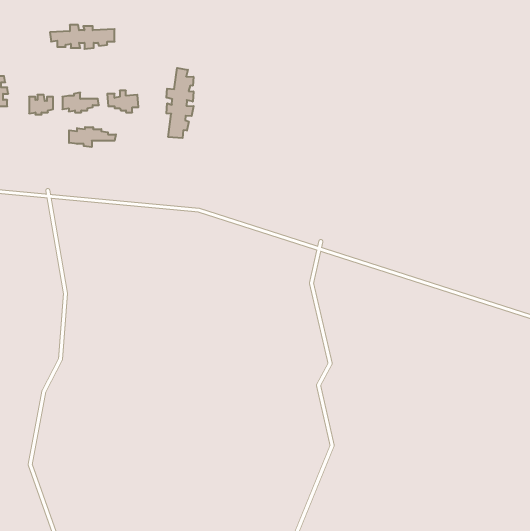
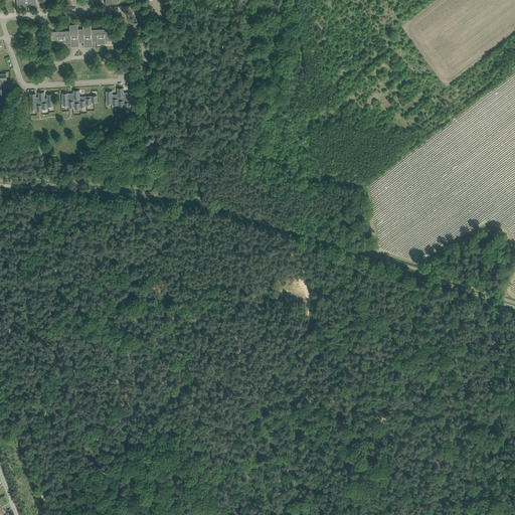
building: [166,68,194,138] -> none
building: [69,127,116,147] -> none

